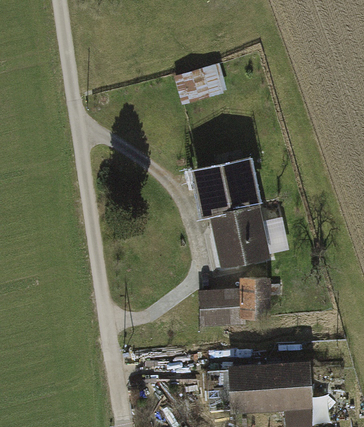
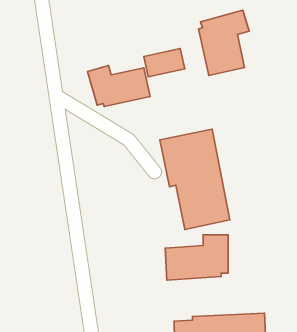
building: none -> [199,10,249,76]
building: none -> [88,65,150,107]

